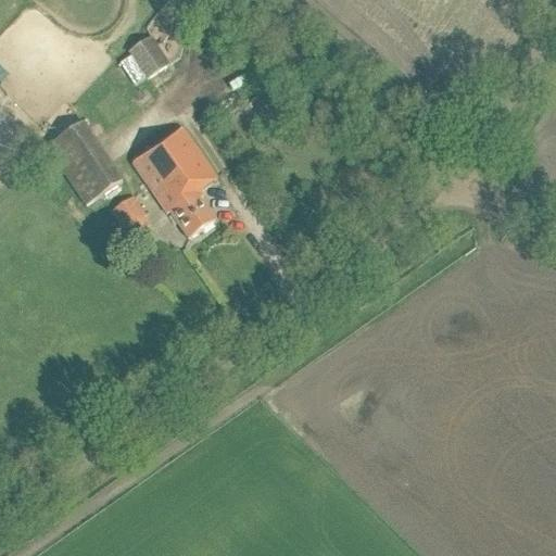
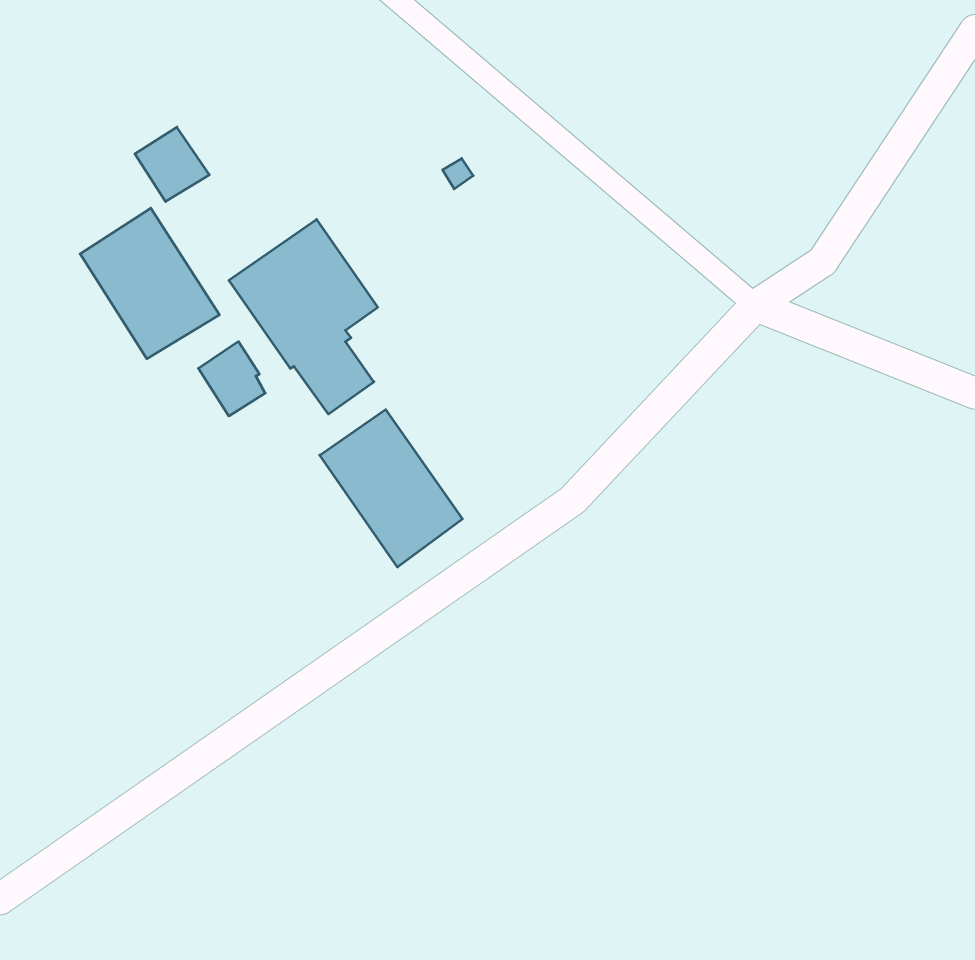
building: [129,35,172,77] -> [135,127,209,202]
building: none -> [320,410,462,567]

